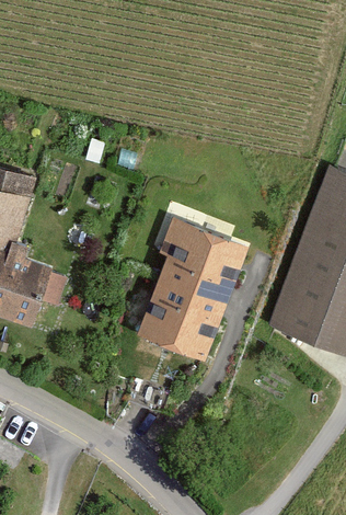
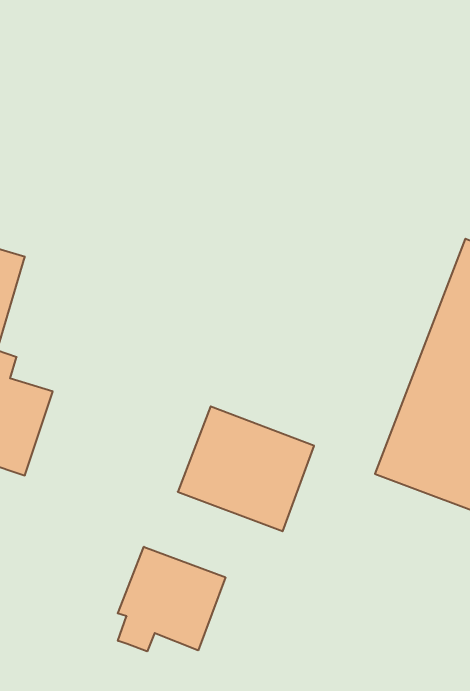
building: [154,215,250,302] -> none
building: none -> [118,547,225,651]

